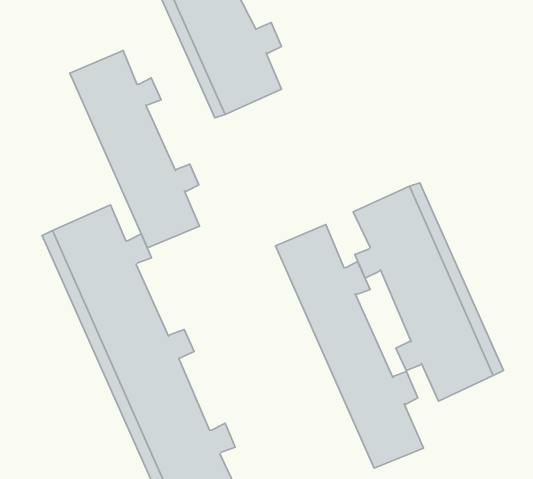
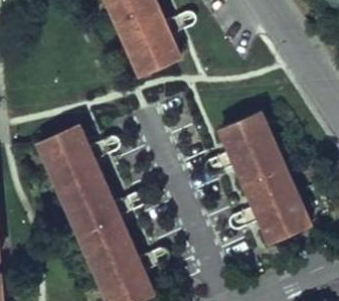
building: [70,50,199,248] -> none
building: [276,224,423,468] -> none

